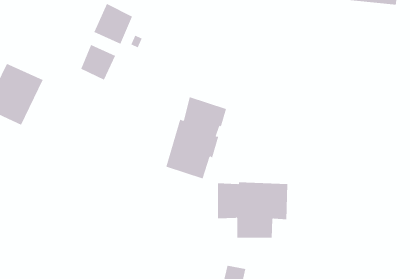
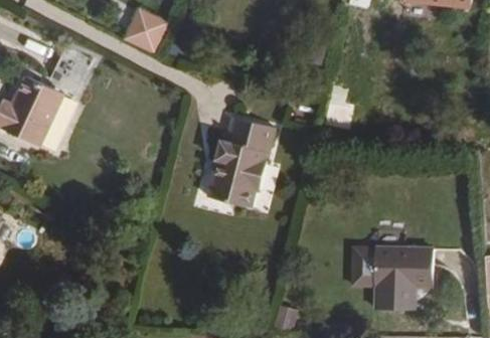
building: [80,44,116,81] -> none
building: [217,182,288,238] -> [351,245,433,310]

